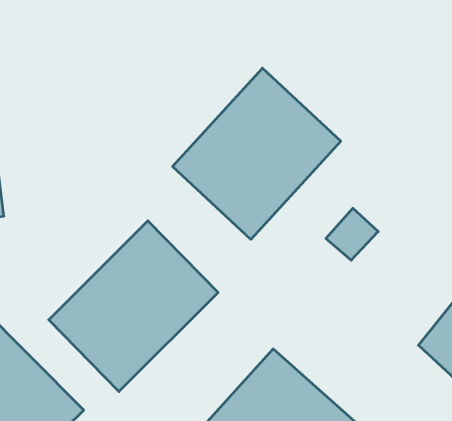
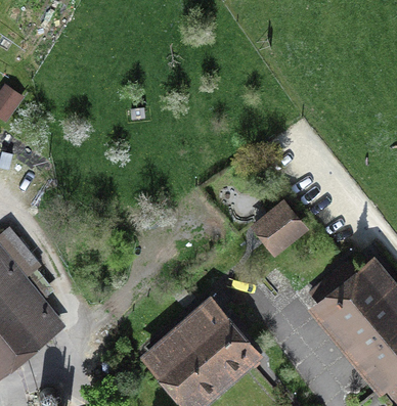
building: [173,68,341,239] -> none
building: [49,221,218,392] -> none

